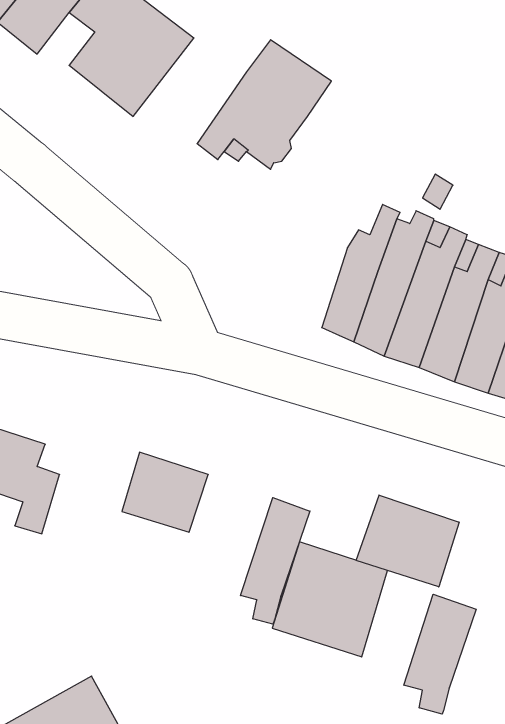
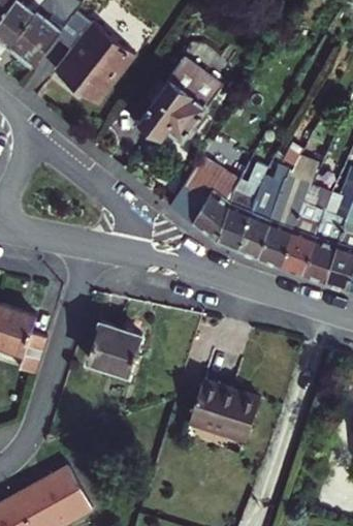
building: none -> [169,154,240,242]
building: [356,495,459,587] -> none
building: [241,498,310,624] -> none
building: [404,594,476,714] -> none

